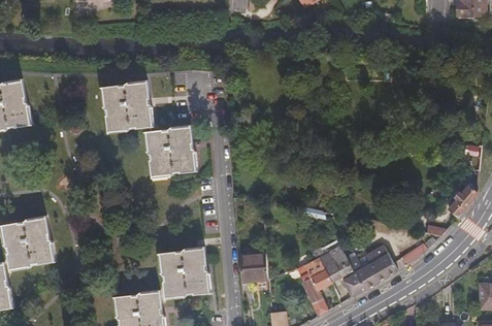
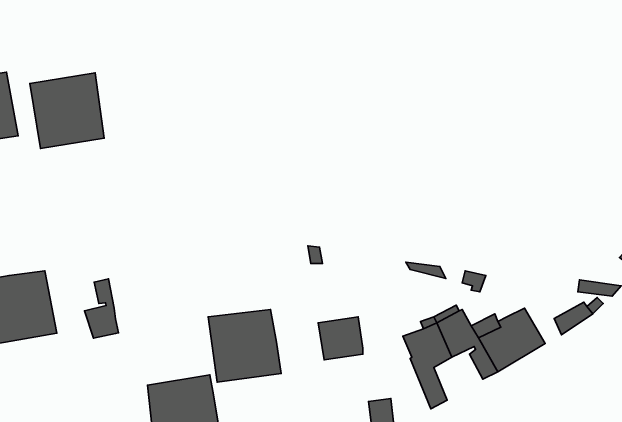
building: [96,79,147,132] -> [30,73,104,149]
building: [142,123,193,174] -> none
building: none -> [85,279,119,338]

